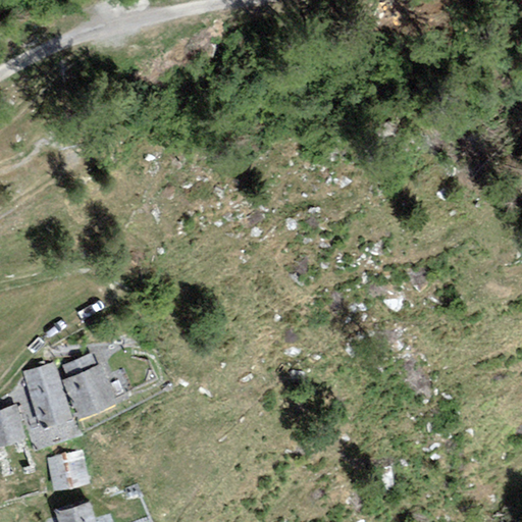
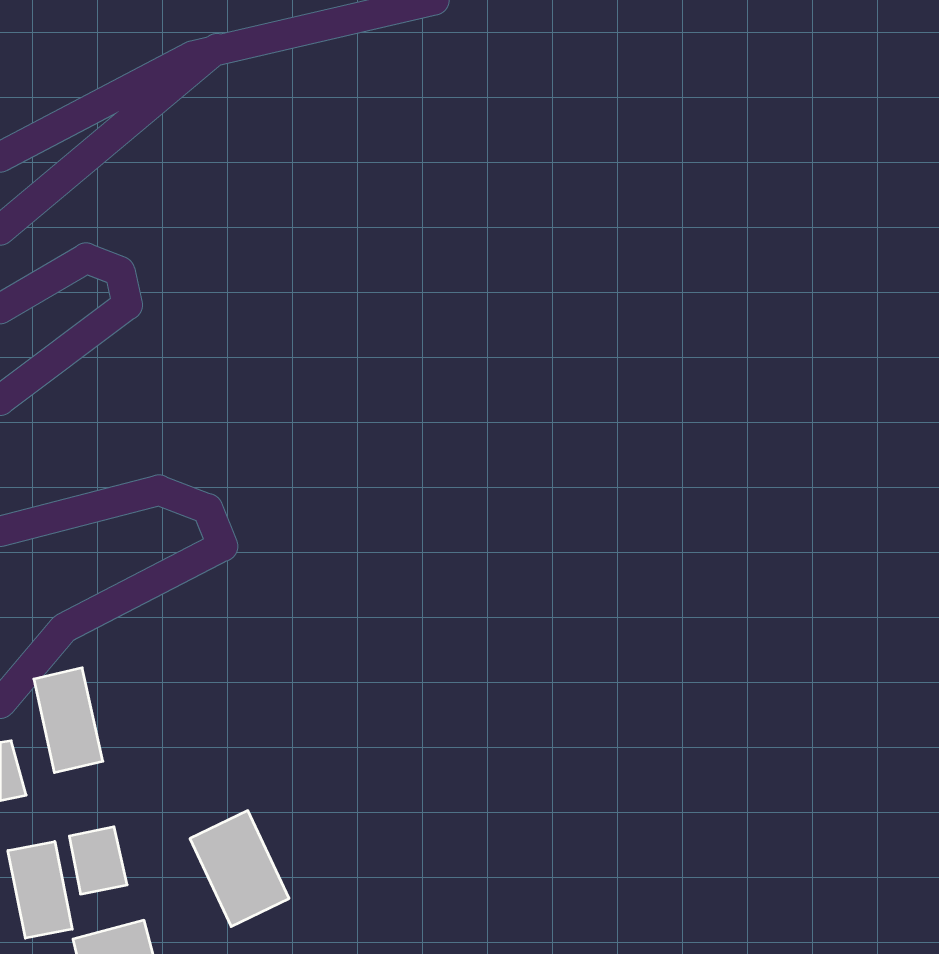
building: [61,353,115,416] -> [190,811,289,927]
building: none -> [8,841,72,938]

